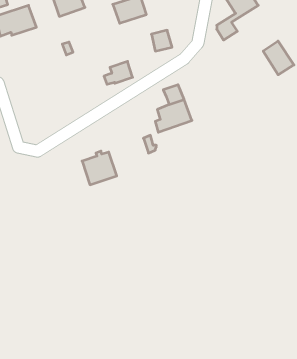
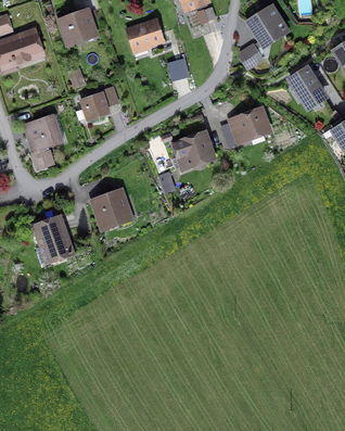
building: [104,61,133,84] -> [76,94,107,119]
building: none -> [230,110,268,141]
building: none -> [23,116,60,168]
building: none -> [34,216,73,262]

